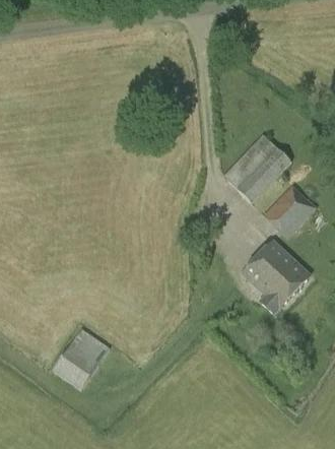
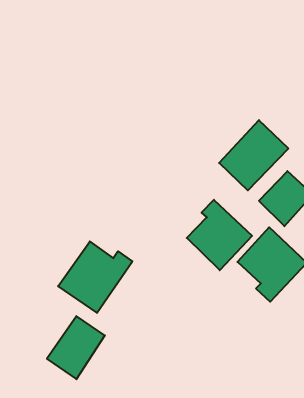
building: none -> [187,200,252,270]
building: none -> [58,241,132,313]

